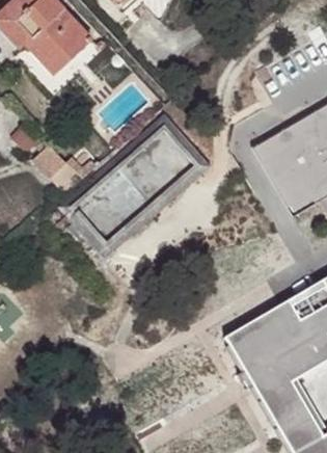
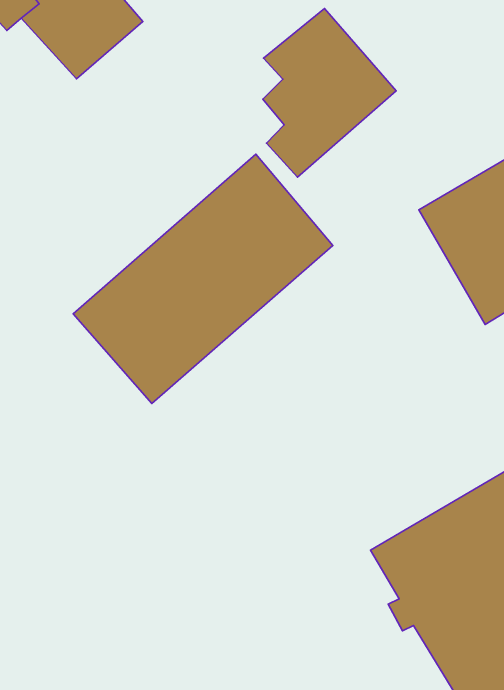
building: none -> [263,9,396,177]

